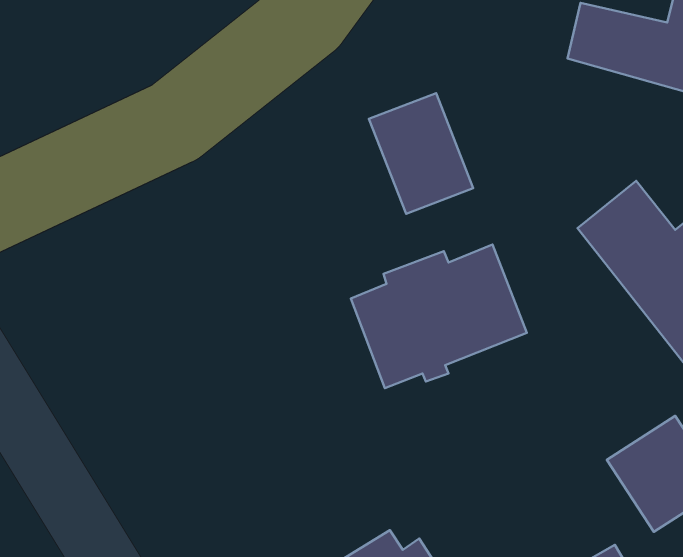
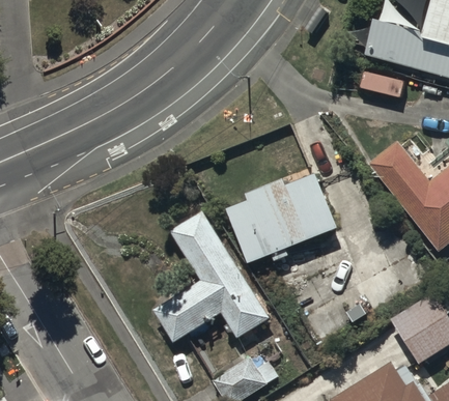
building: [369,93,473,214] -> none
building: none -> [151,209,270,344]

